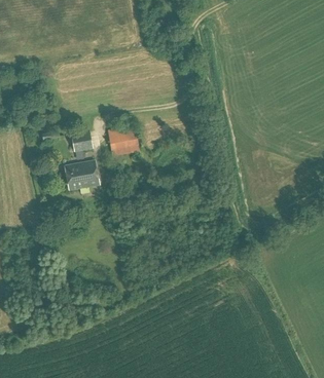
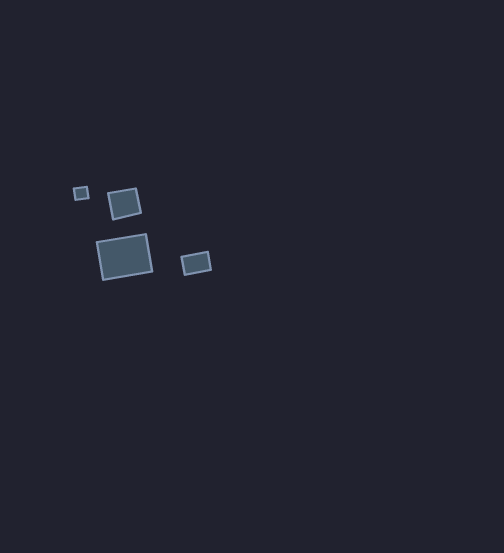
building: [107,126,139,155] -> none

